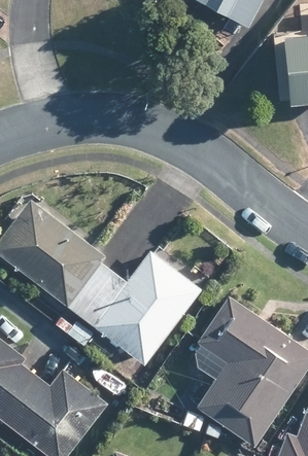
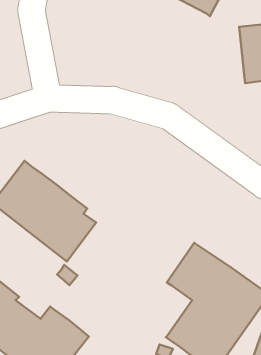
building: [79,248,201,364] -> none

